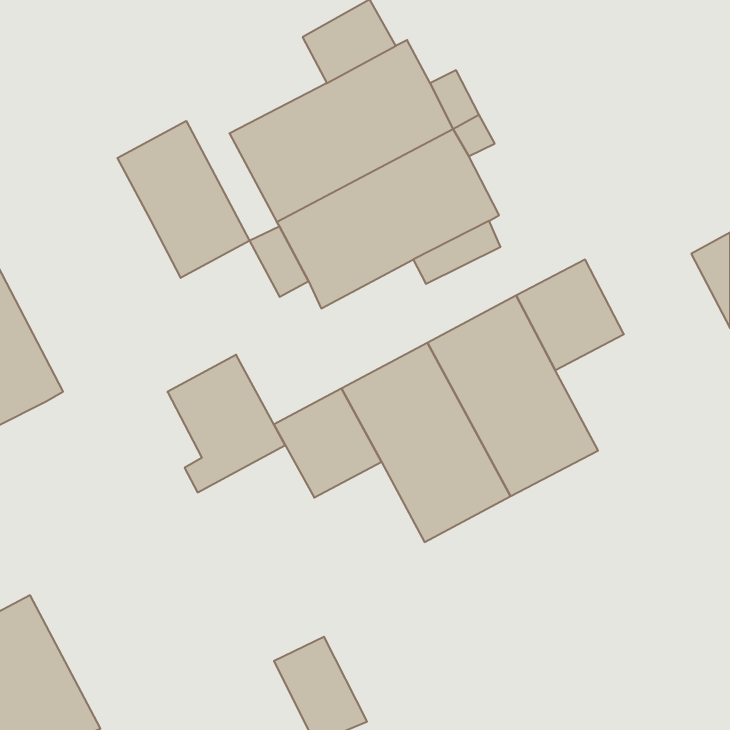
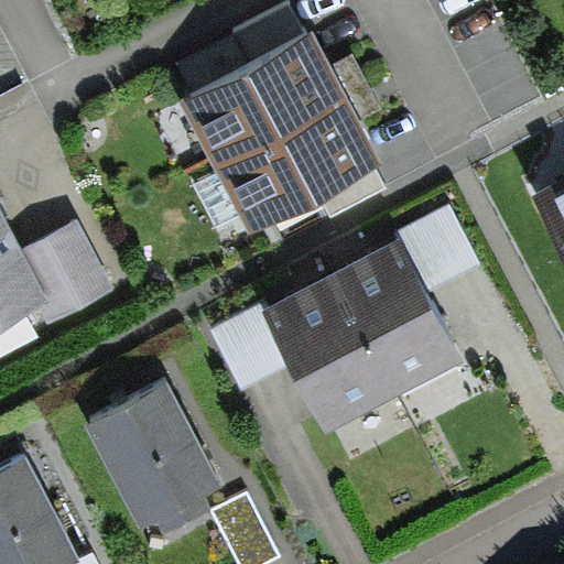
building: [117,121,250,278] -> none
building: [167,355,285,492] -> [22,224,112,329]
building: none -> [85,387,220,535]

